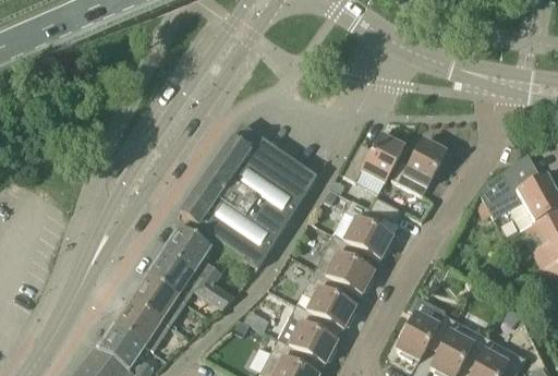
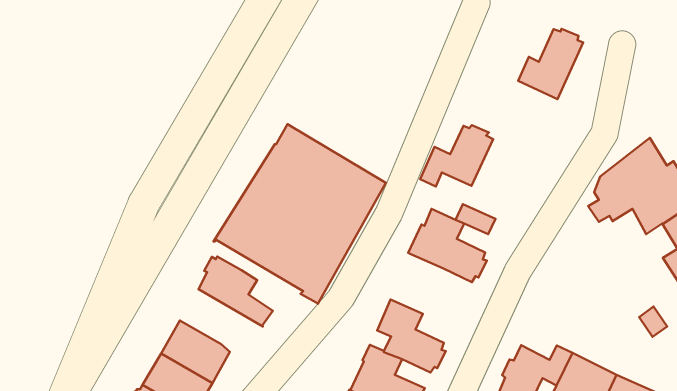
building: [392,138,446,194] -> [518,29,583,99]
building: [315,233,375,293] -> none
building: [146,251,234,308] -> none

